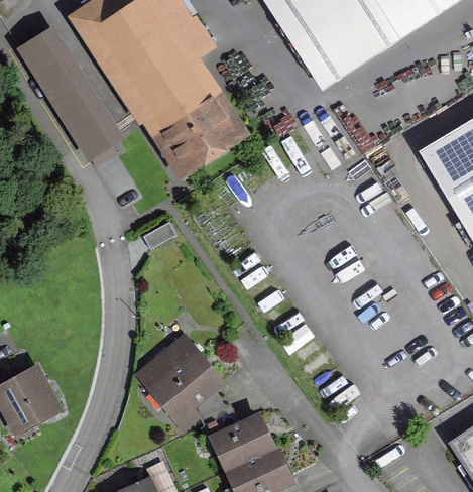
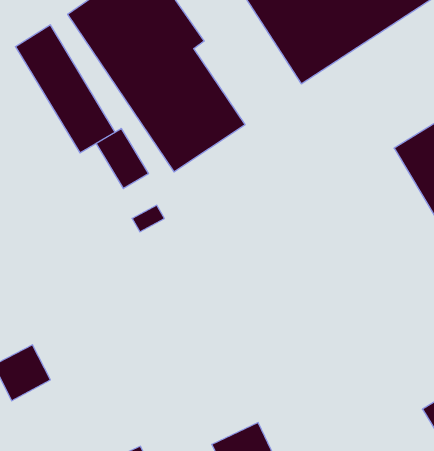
building: none -> [96,128,148,189]
building: [138,335,221,416] -> none
building: [209,414,275,473] -> none

